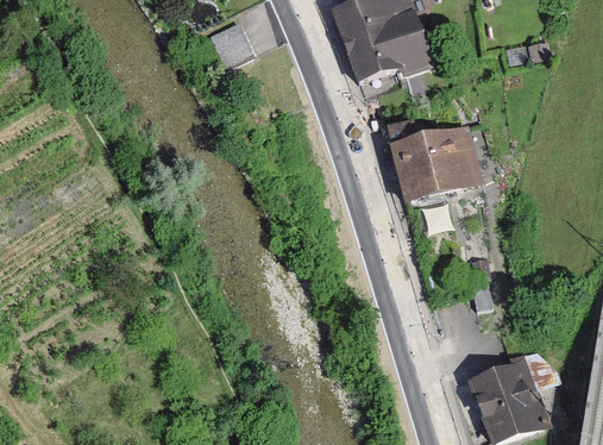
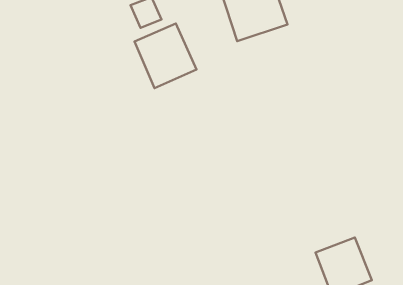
building: none -> [135,23,196,88]
building: [388,123,483,202] -> none

